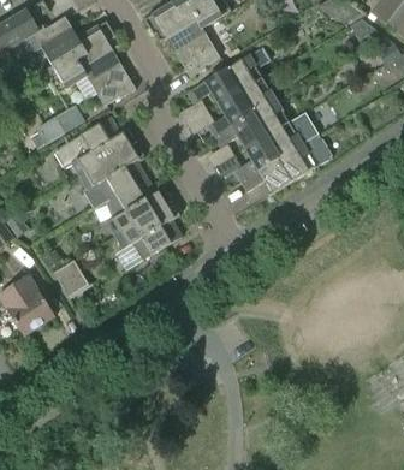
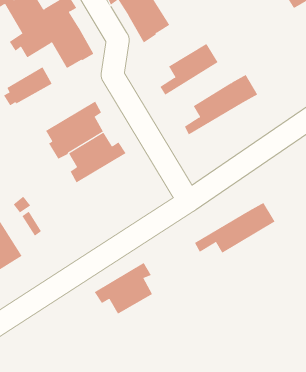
building: [188,54,261,103] -> none
building: [214,99,289,148] -> none
building: [54,117,136,175] -> none
building: [240,135,332,192] -> [194,202,276,253]
building: [114,201,180,260] -> [94,262,153,315]

